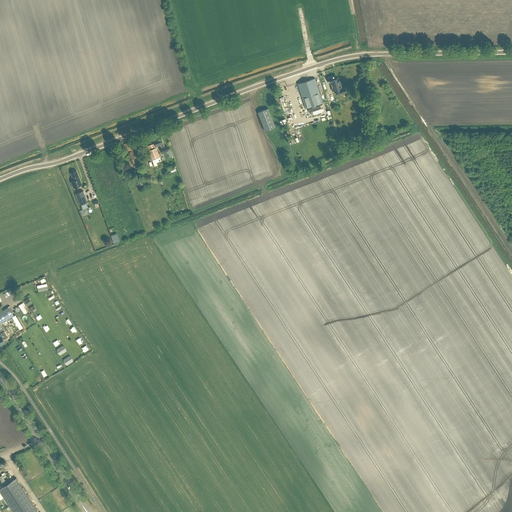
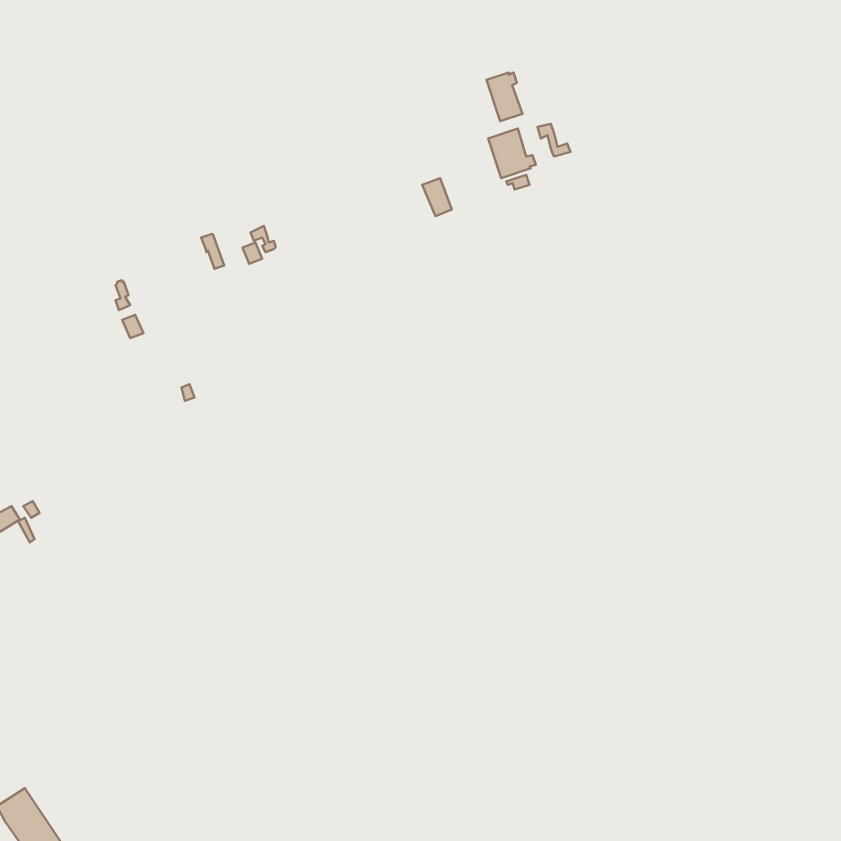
building: none -> [487,72,523,121]

